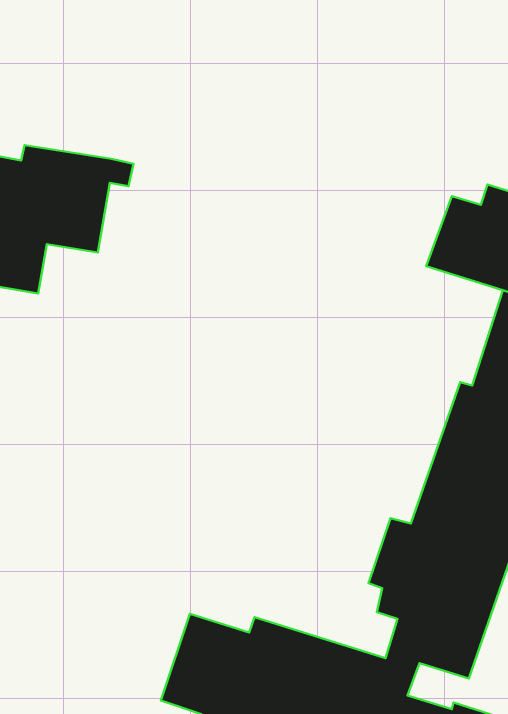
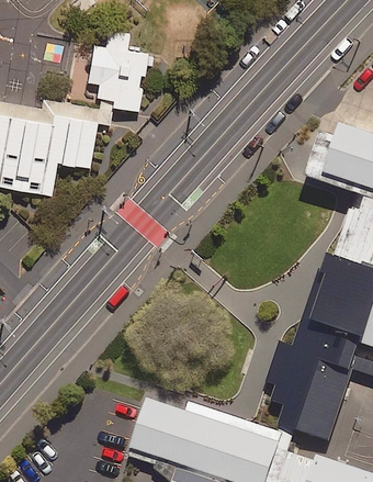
building: none -> [87,29,148,111]

